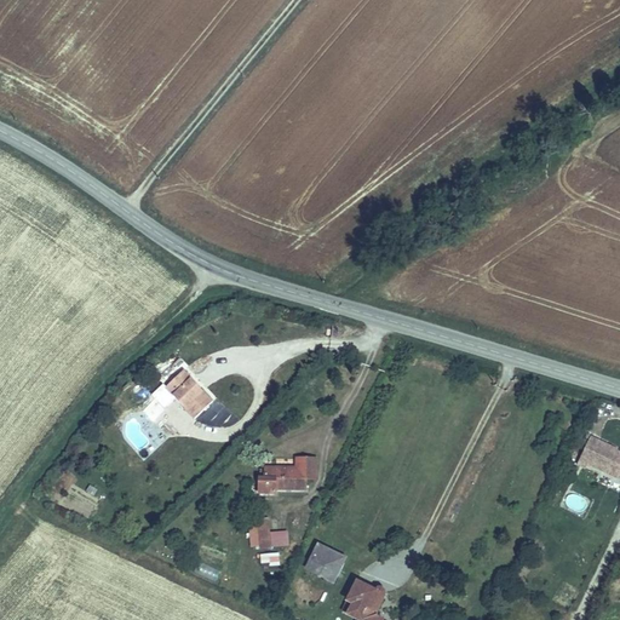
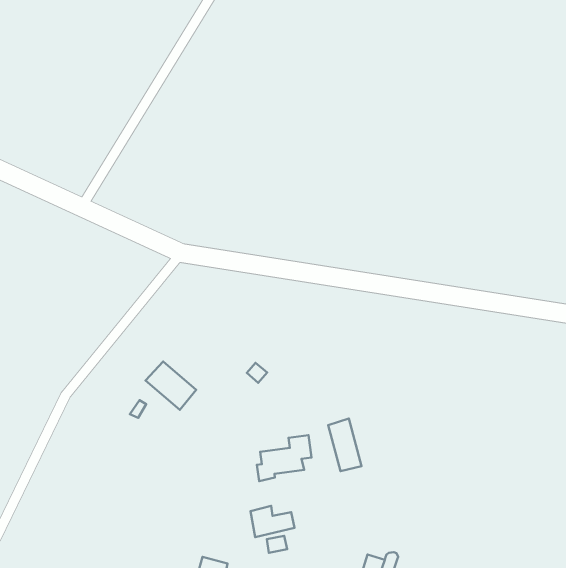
building: none -> [328,418,362,471]
building: [304,542,348,585] -> none

